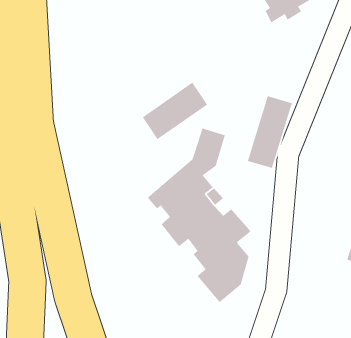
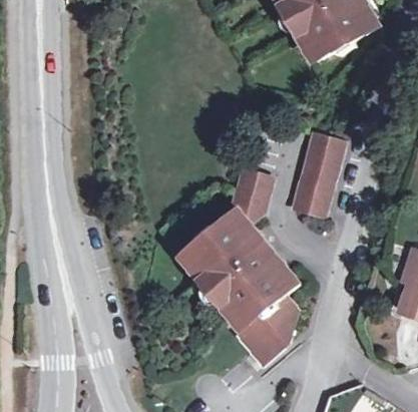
building: [142,82,208,140] -> none

